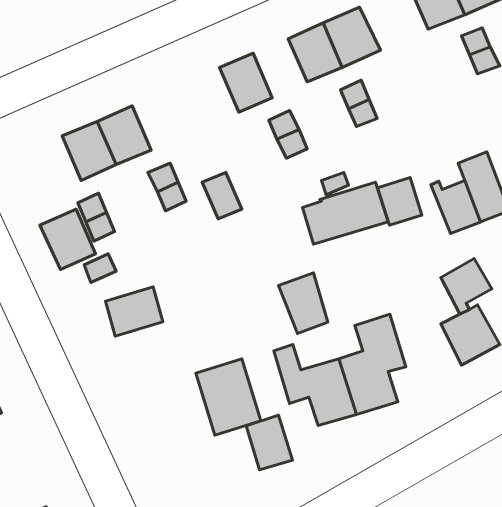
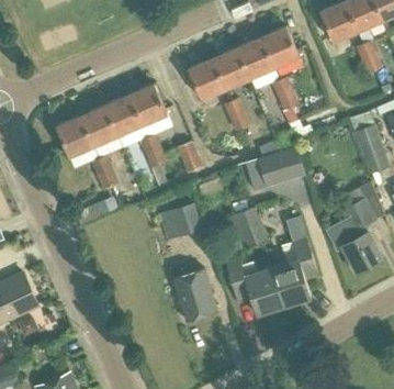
building: none -> [212,48,249,89]
building: none -> [128,84,167,125]
building: [378,178,422,225] -> none
building: [431,181,481,233] -> none
building: [40,209,95,270] -> [55,115,93,157]
building: [106,287,163,336] -> [162,205,202,240]
building: [246,415,293,470] -> none

